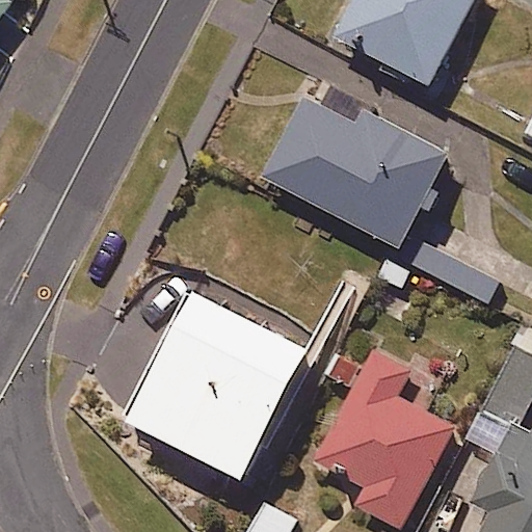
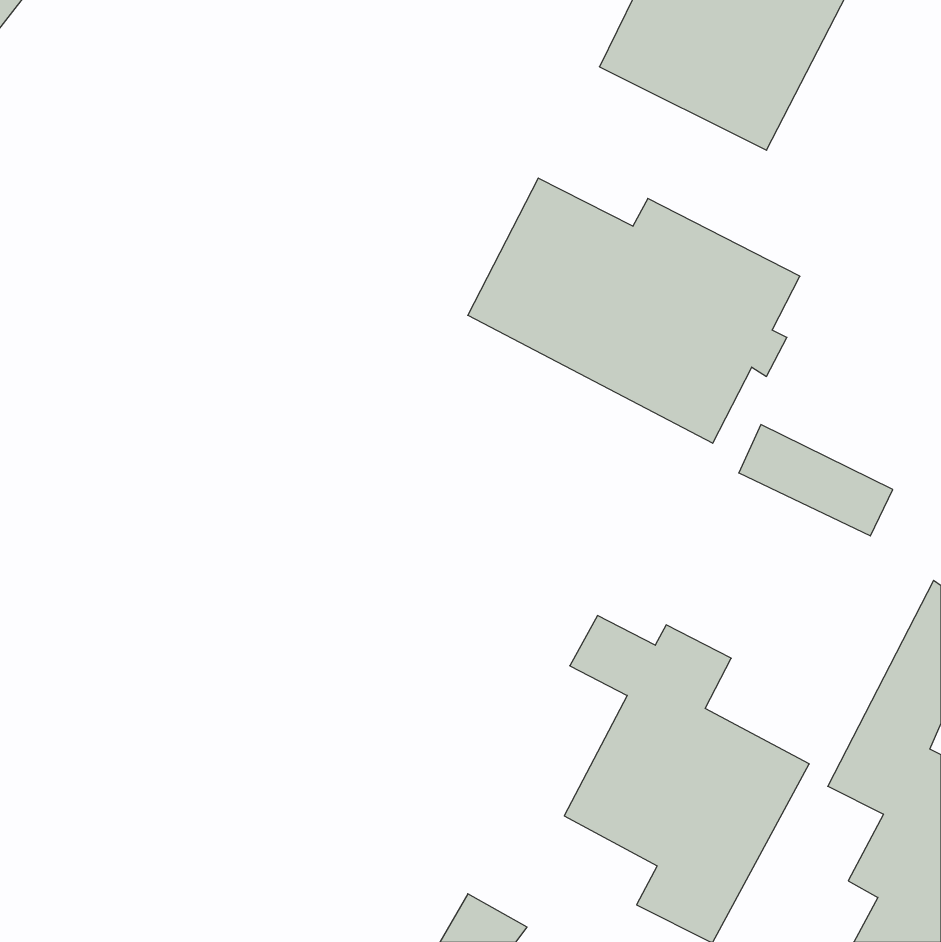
building: [126,293,308,481] -> none

